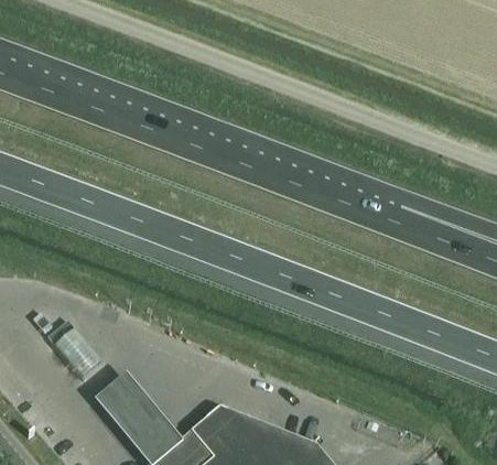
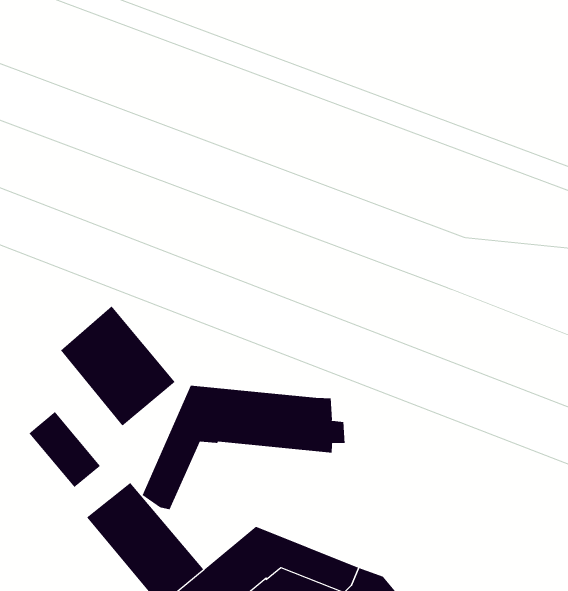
building: none -> [60,306,176,426]
building: none -> [142,385,345,510]

